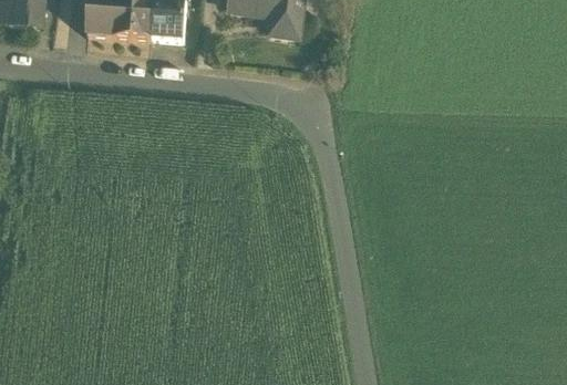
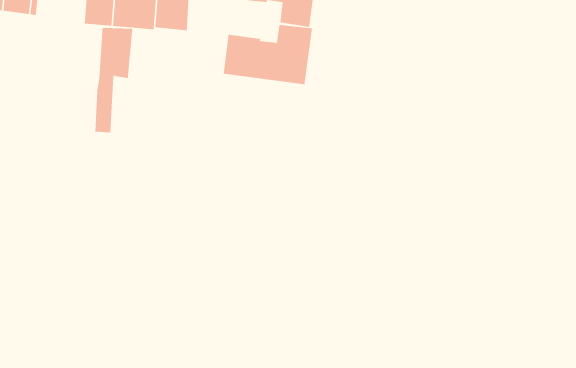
building: none -> [223,24,313,85]
building: none -> [94,27,133,133]

